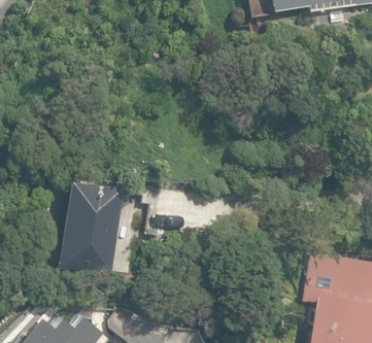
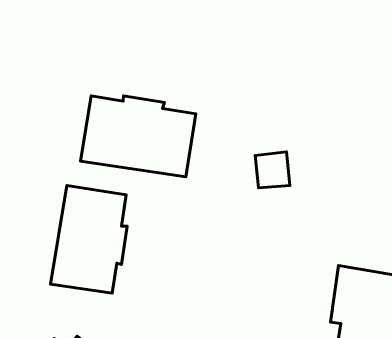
building: none -> [80,96,196,177]

